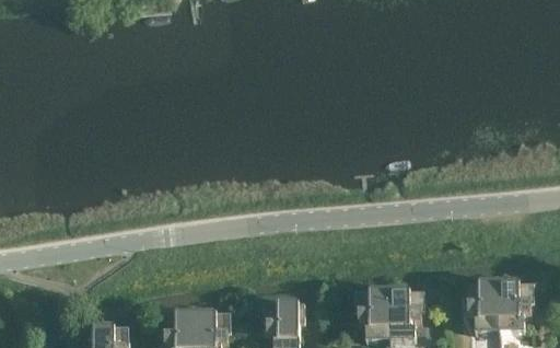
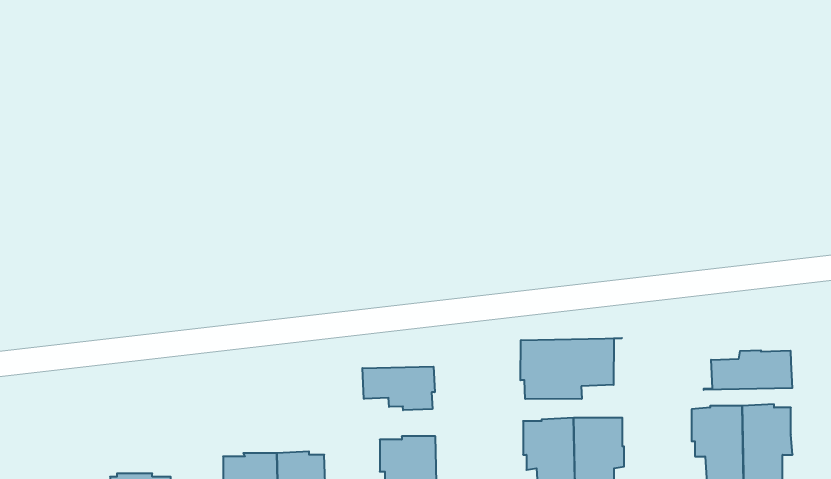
building: none -> [520,338,622,399]
building: none -> [704,350,792,390]
building: none -> [362,367,435,410]

